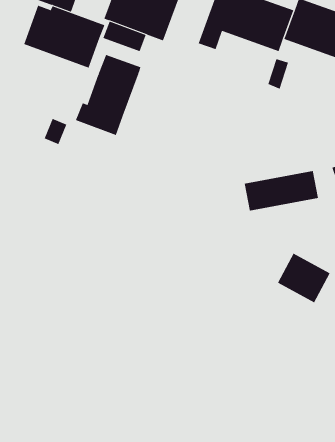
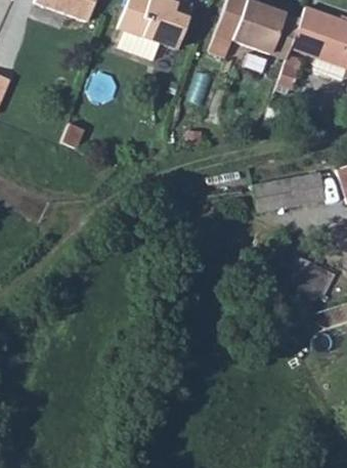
building: [23,5,105,69] -> none
building: [75,54,141,136] -> none

